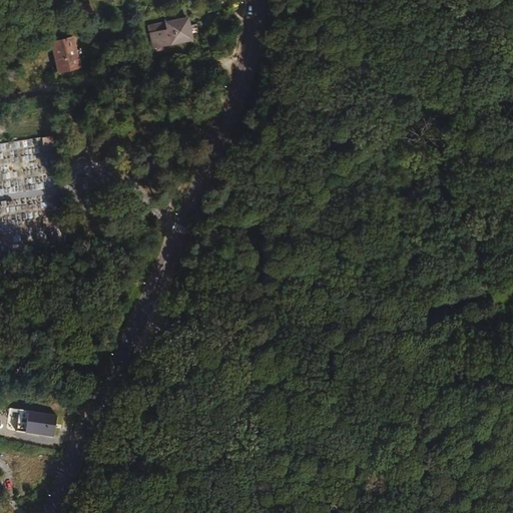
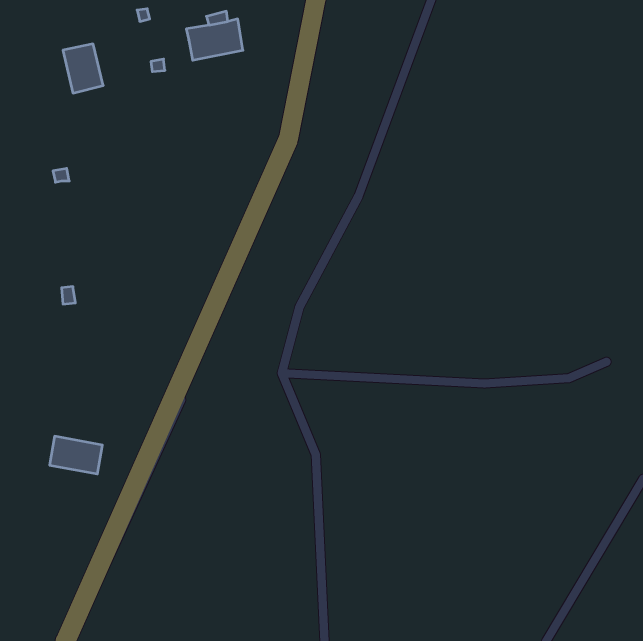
building: [16,408,58,438] -> [50,436,102,474]

